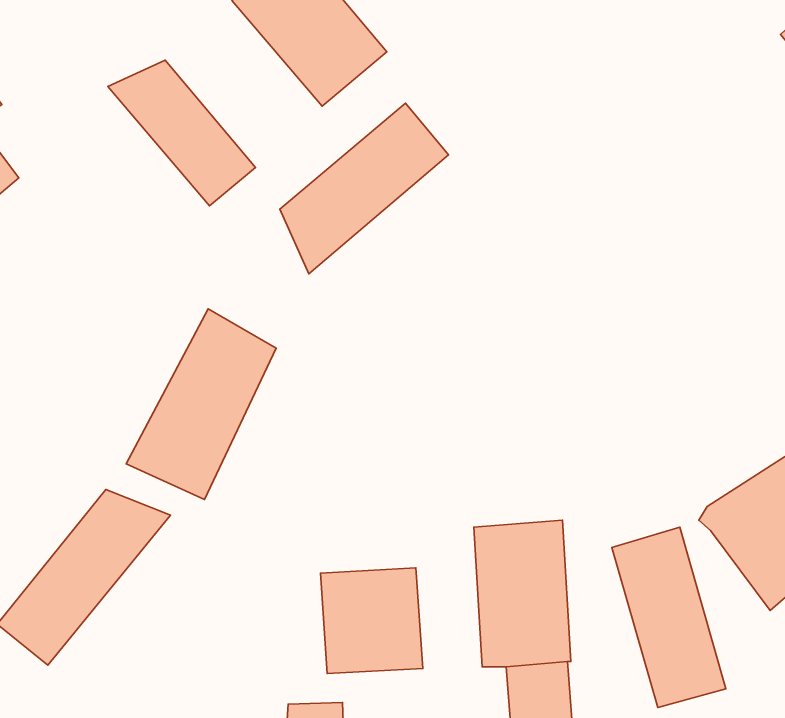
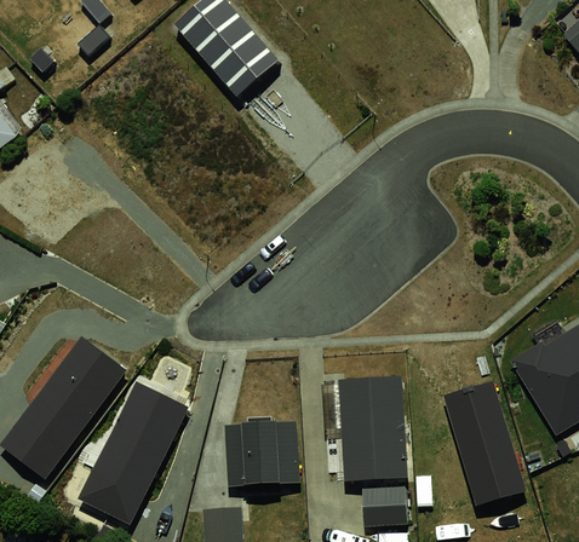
building: [108,60,256,206] -> none
building: [280,103,448,274] -> none
building: [126,309,276,500] -> [79,371,185,507]

